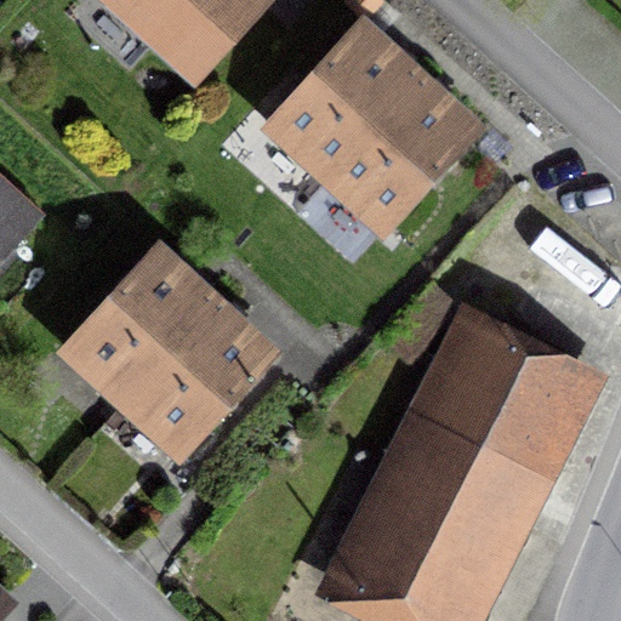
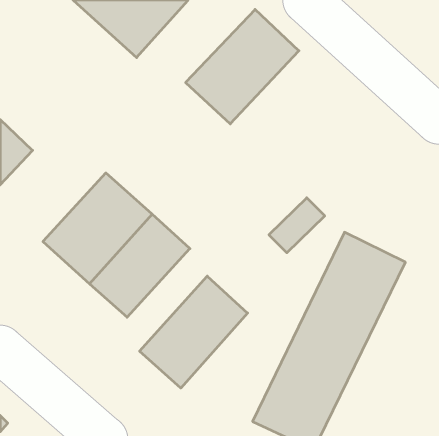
building: [325,76,482,235] -> none
building: none -> [140,276,248,388]

